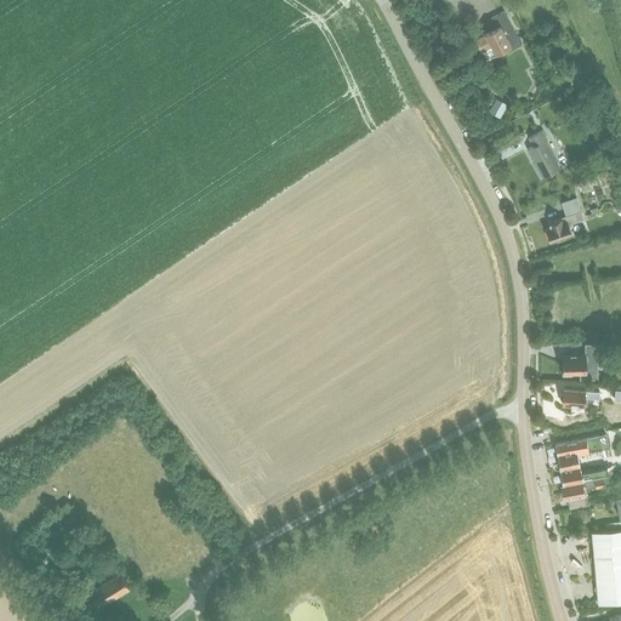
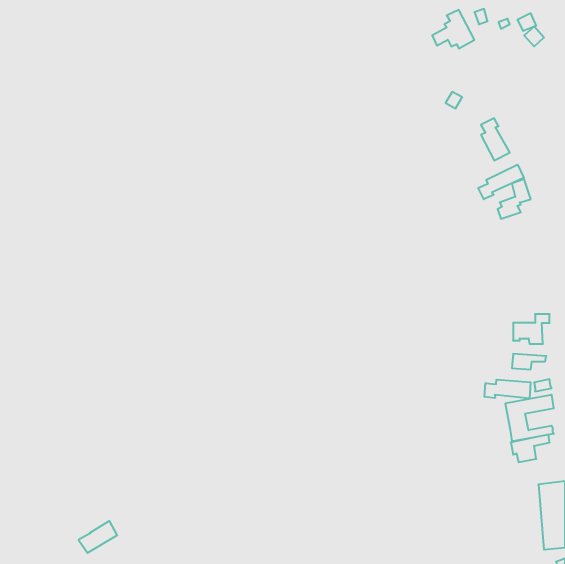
building: none -> [478,165,524,199]
building: none -> [485,380,531,399]

